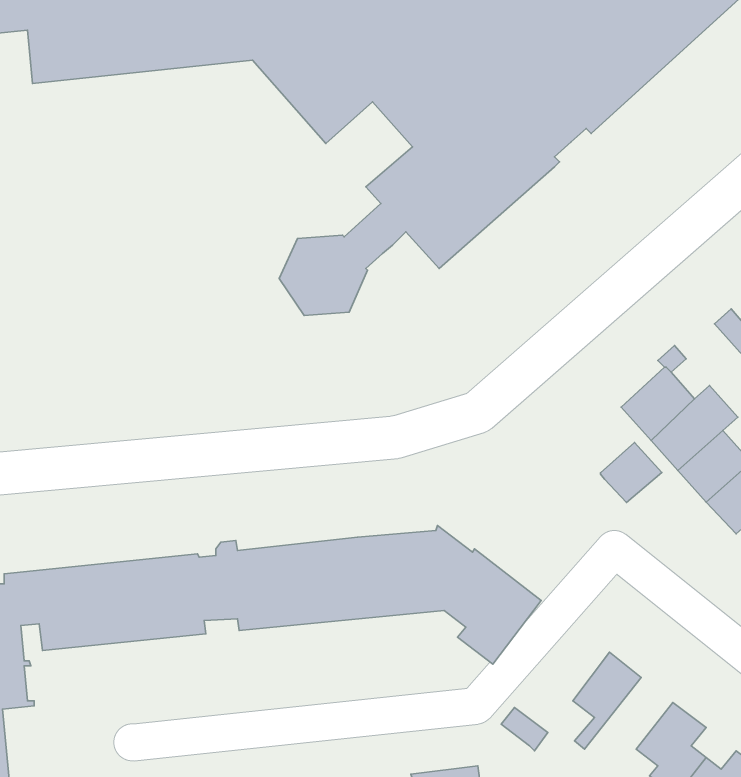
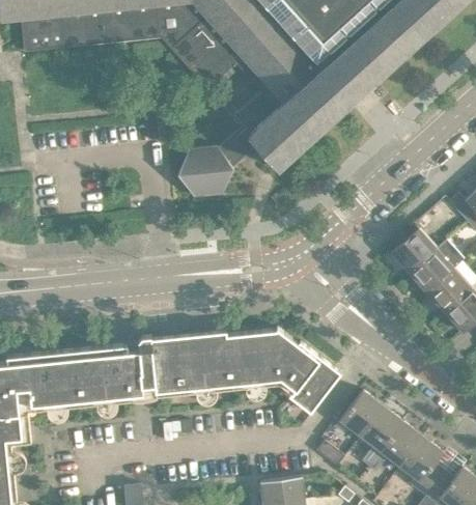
building: [600,443,662,503] -> none
building: none -> [336,391,384,437]
building: none -> [368,422,423,472]

